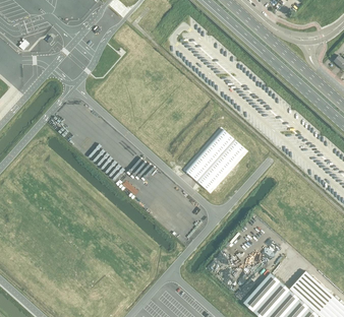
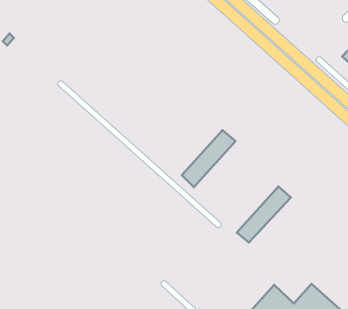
building: [195,139,245,191] -> [237,186,291,242]

